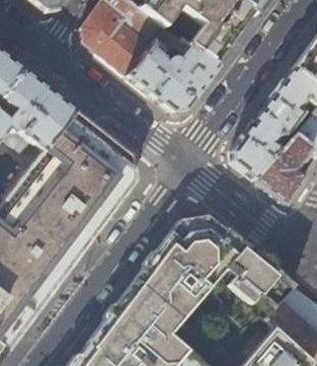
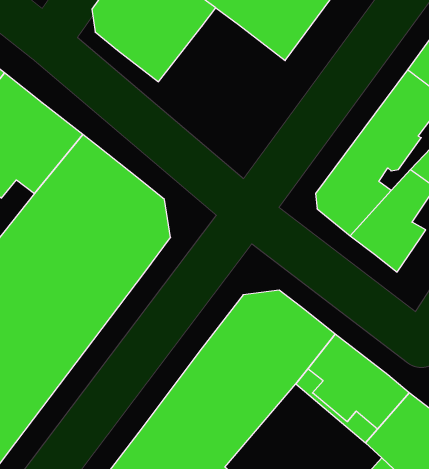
building: [127,35,219,111] -> none

